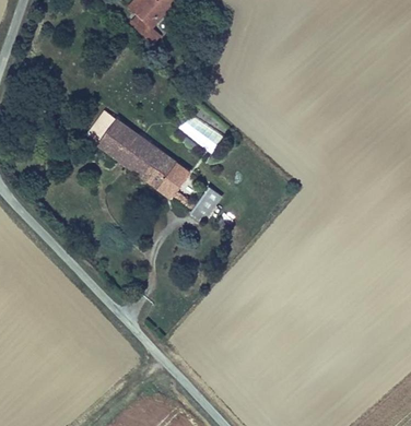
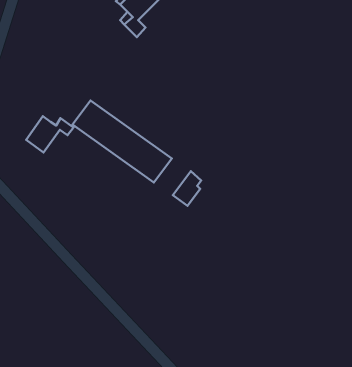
building: [176,115,222,152] -> none
building: none -> [26,116,74,152]

